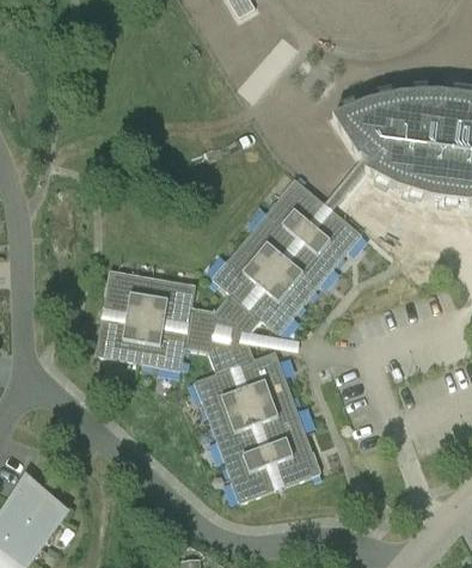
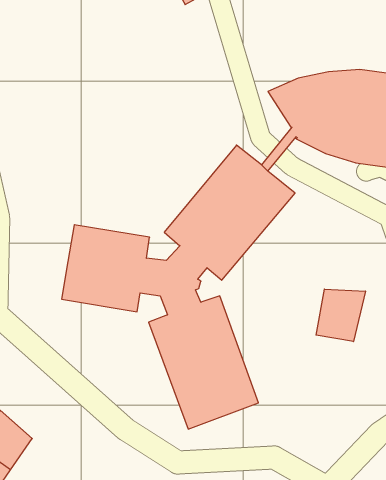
building: none -> [316,289,365,342]

